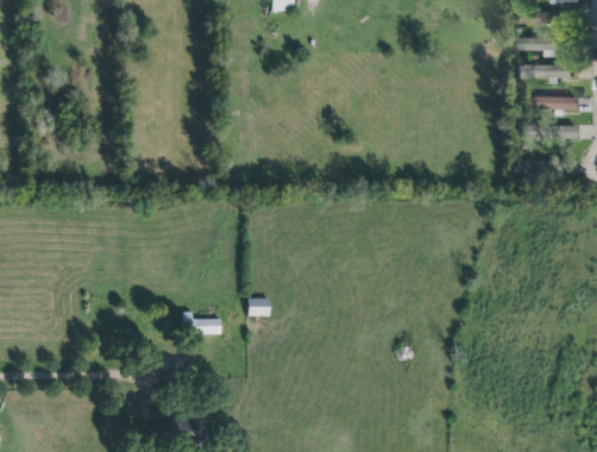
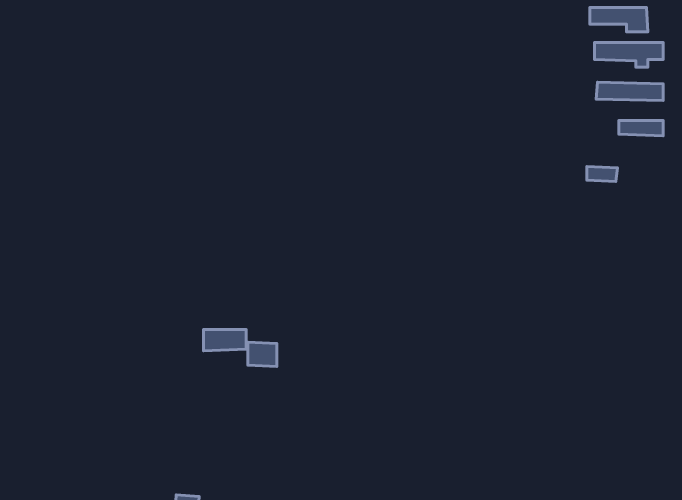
building: [189,318,222,334] -> [203,329,246,351]

